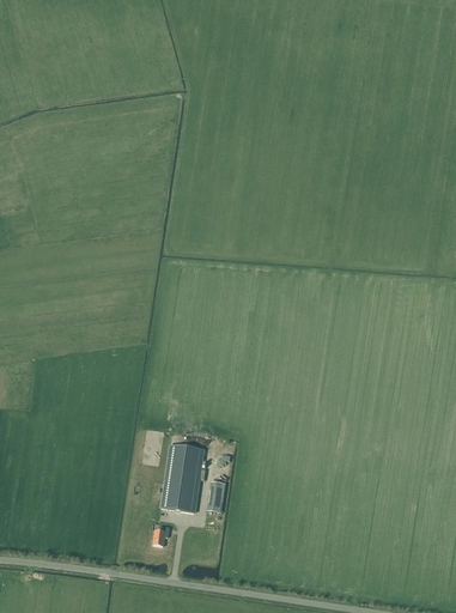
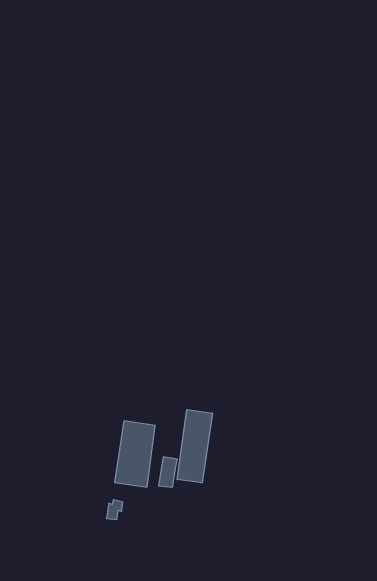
building: none -> [177,410,213,483]

